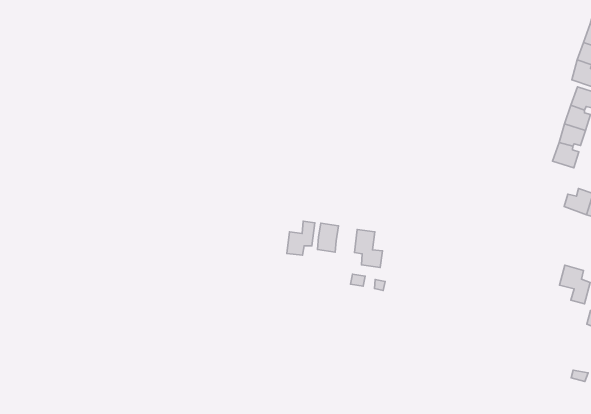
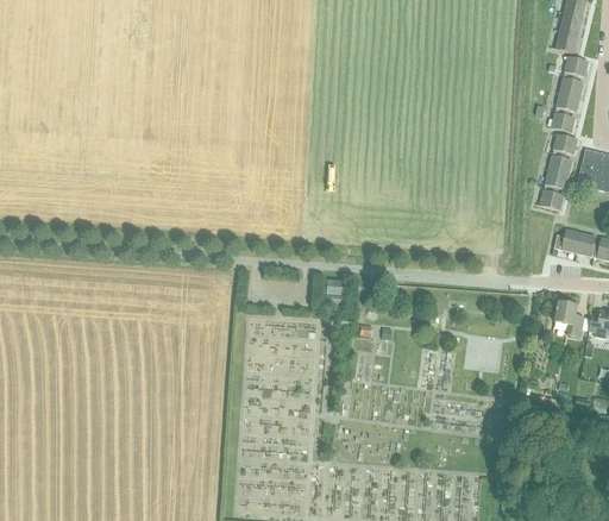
building: [287,221,315,255] -> none
building: [355,229,382,267] -> none

